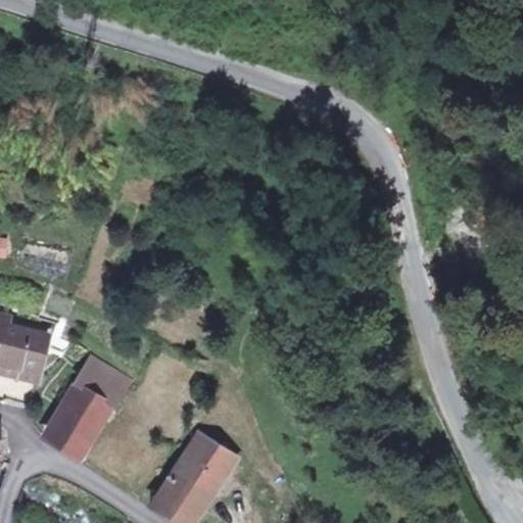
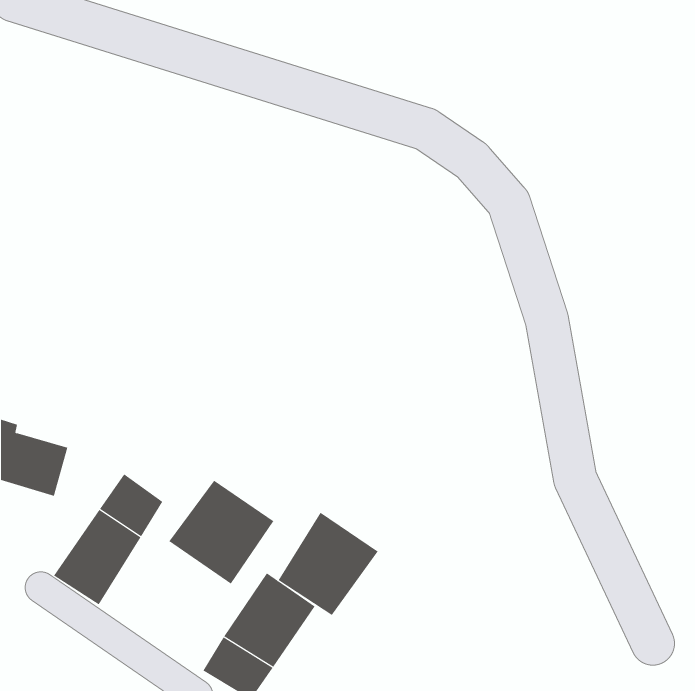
building: none -> [169,480,274,584]
building: none -> [278,512,378,616]

